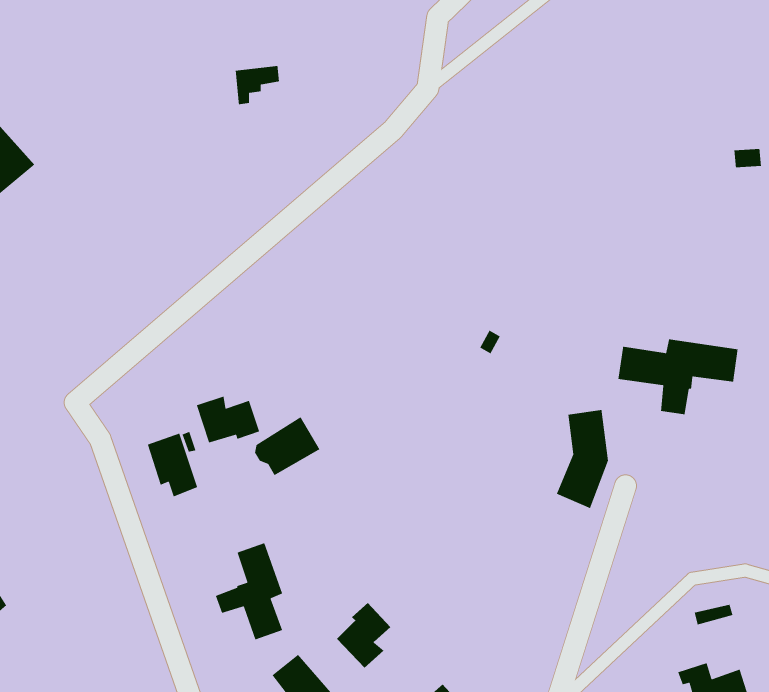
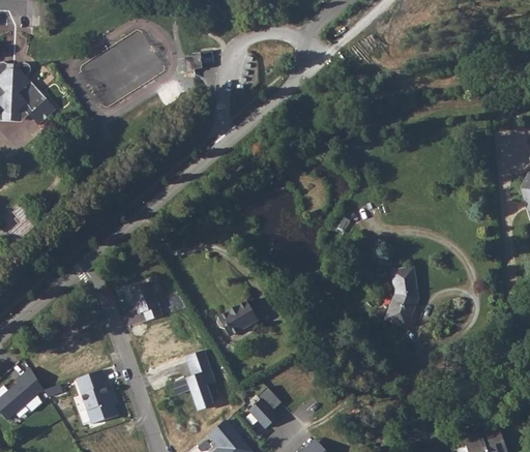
building: [618,339,739,415] -> none
building: [196,395,260,443] -> none
building: [254,416,321,476] -> [216,300,258,337]
building: none -> [75,368,118,424]

